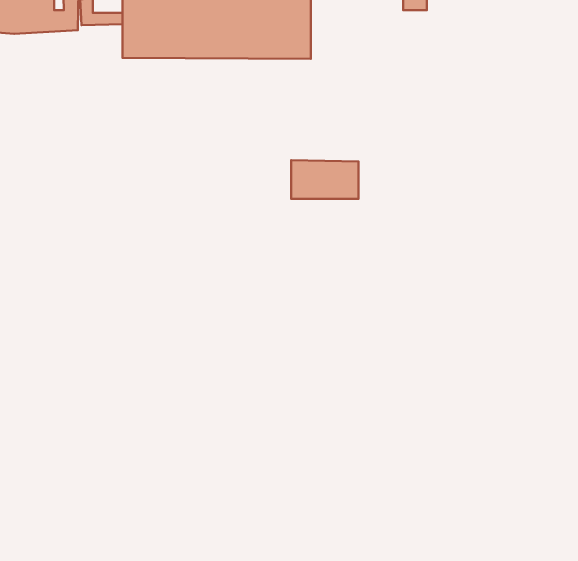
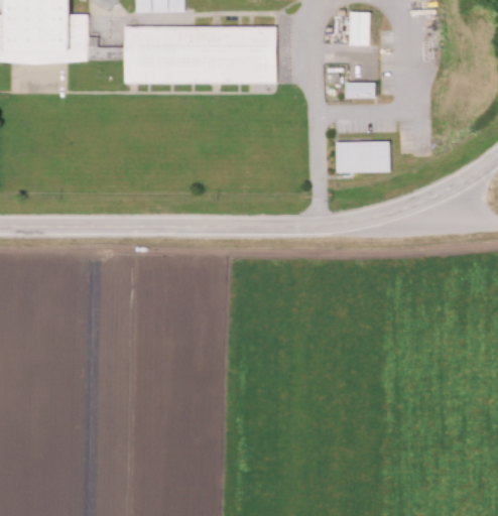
building: none -> [345,82,374,98]
building: [291,160,359,199] -> [336,141,390,172]

